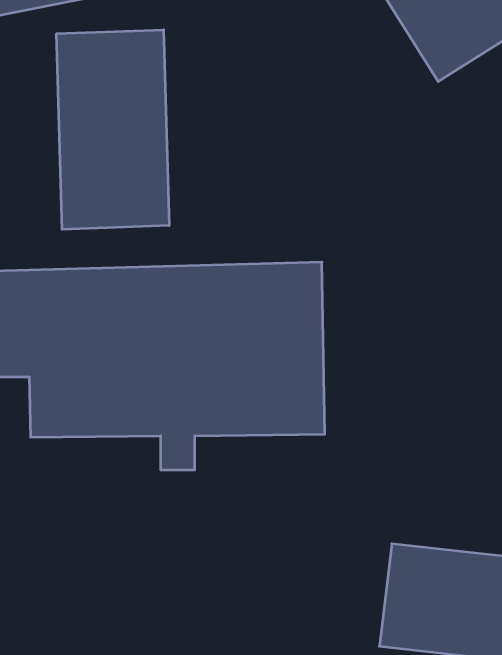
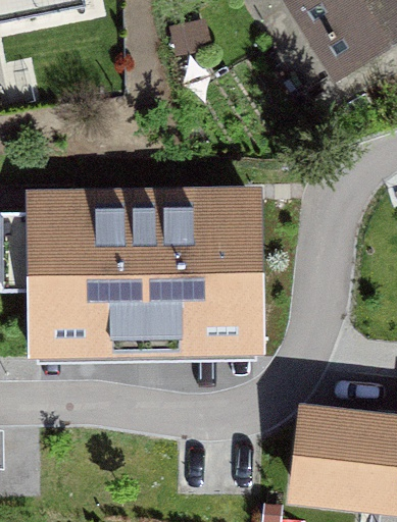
building: [57,30,169,229] -> none

